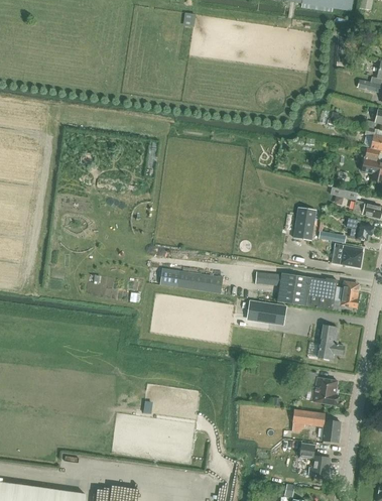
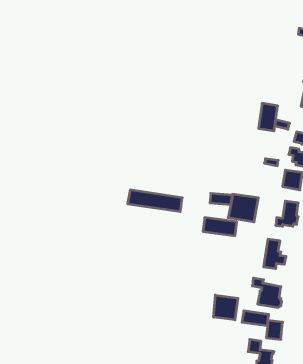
building: [293,208,315,240] -> [259,103,278,131]
building: [306,277,337,309] -> none
building: none -> [214,295,238,320]

